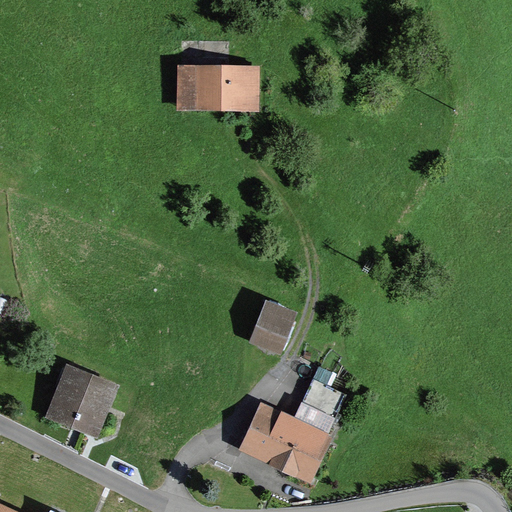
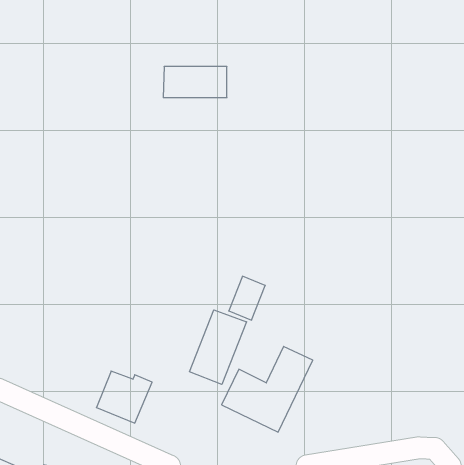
building: none -> [190,310,247,384]
building: [49,376,110,433] -> [96,371,152,423]

